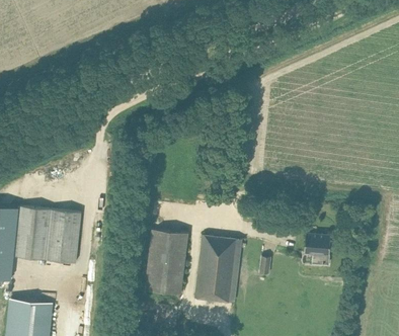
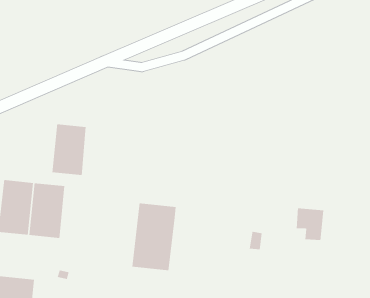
building: none -> [52,124,86,176]
building: [194,236,240,304] -> none

